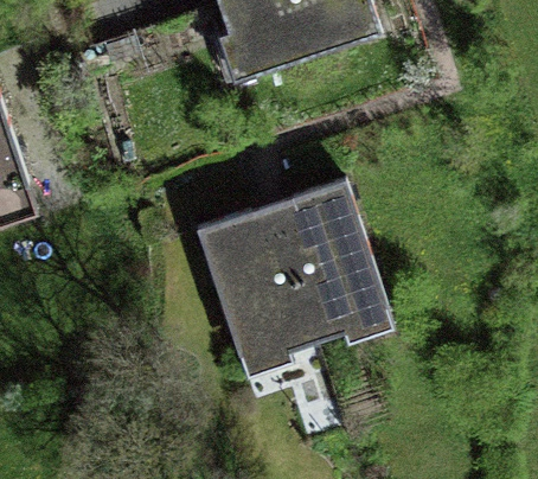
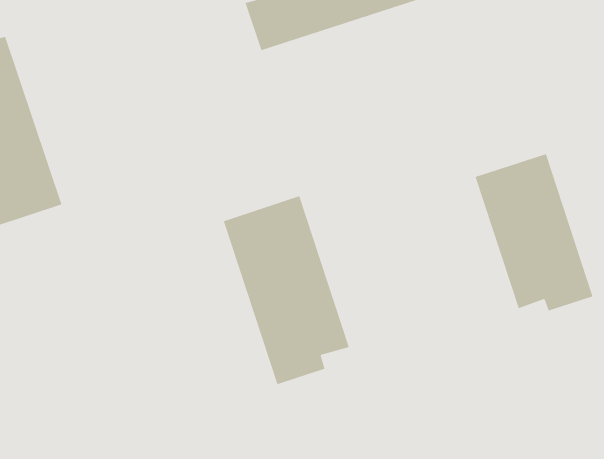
building: none -> [474,153,594,311]
building: [264,181,386,339] -> none

